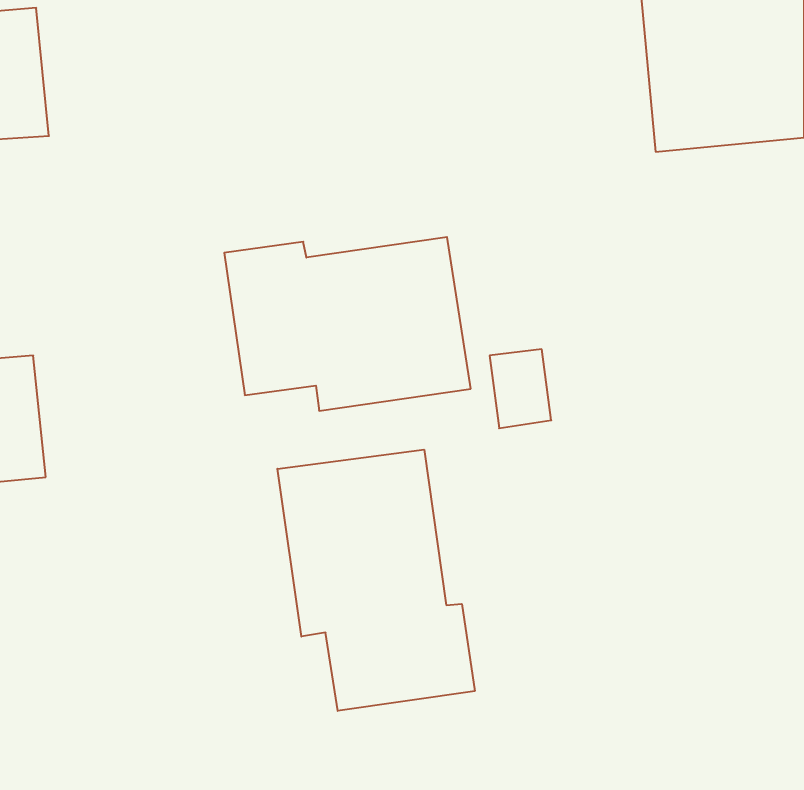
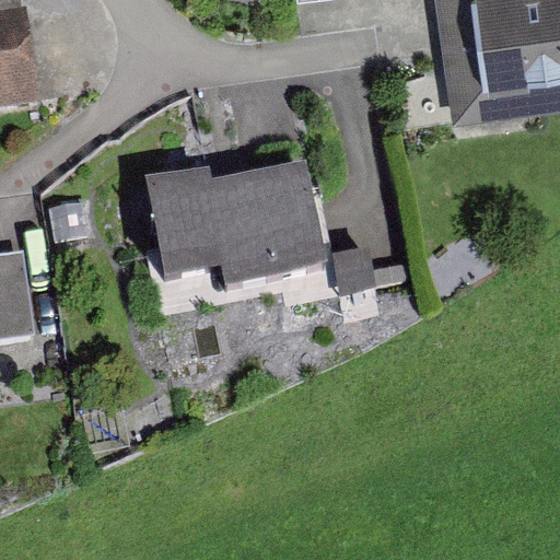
building: [277,450,475,711] -> none

